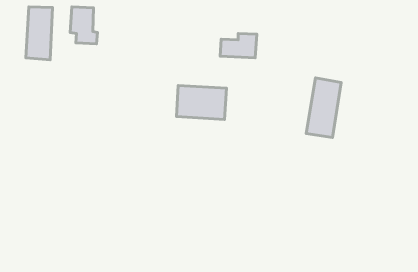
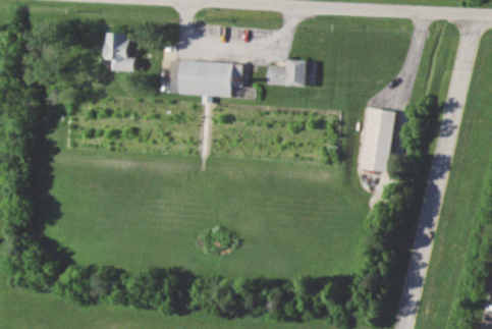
building: [26,7,53,60] -> none
building: [176,85,226,119] -> [178,60,232,97]

